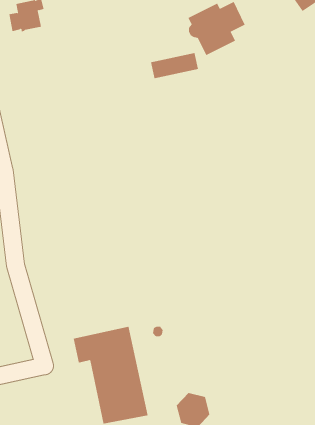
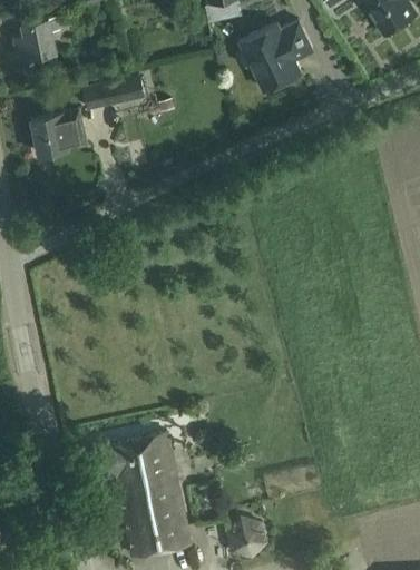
building: [150,52,199,79] -> [84,77,145,110]
building: none -> [32,111,87,156]

